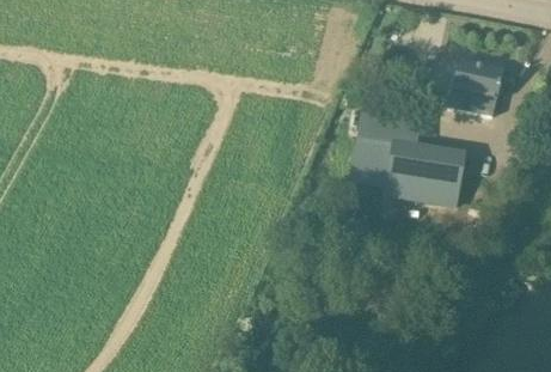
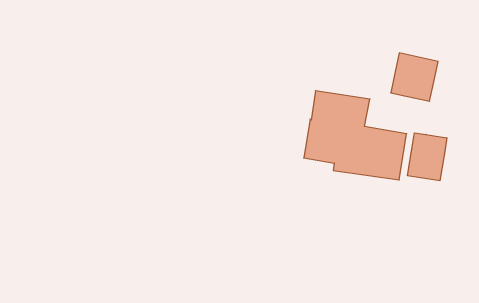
building: none -> [408,133,447,181]

